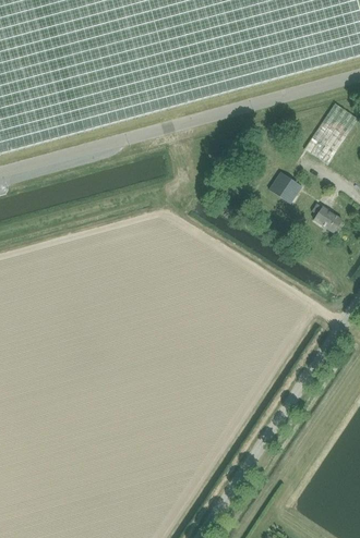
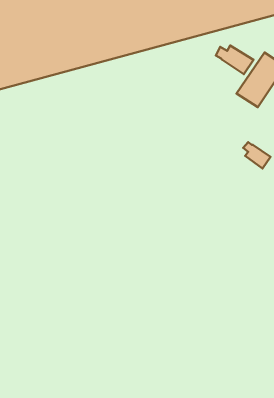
building: none -> [216,45,254,74]
building: [267,170,300,201] -> none

